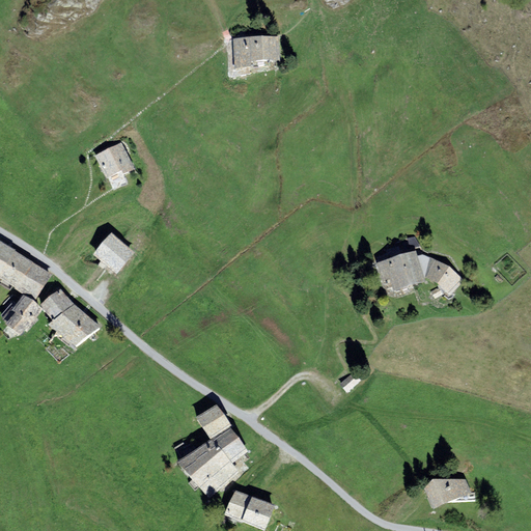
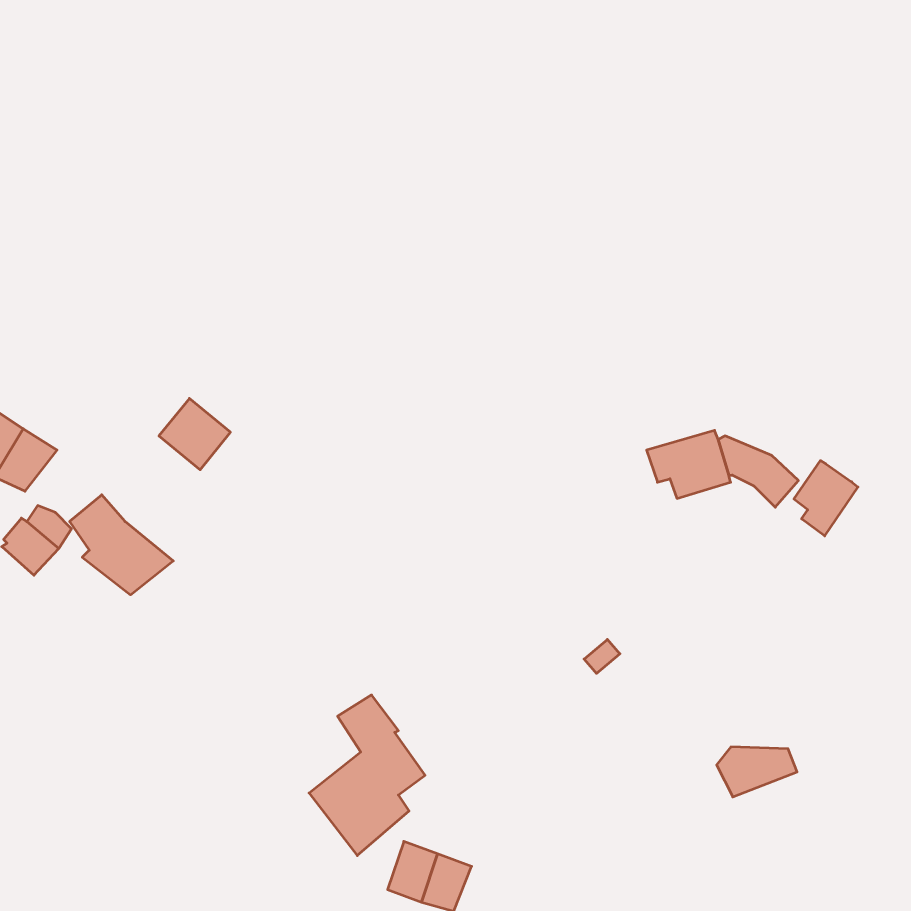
building: [232,37,279,72] -> none
building: [94,145,135,183] -> none
building: [13,261,52,298] -> none
building: none -> [794,461,858,536]
building: [423,477,470,506] -> [717,747,797,797]

